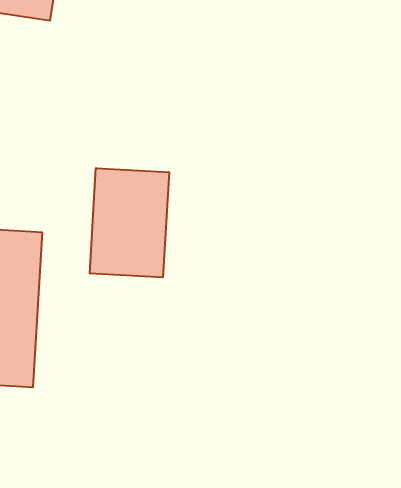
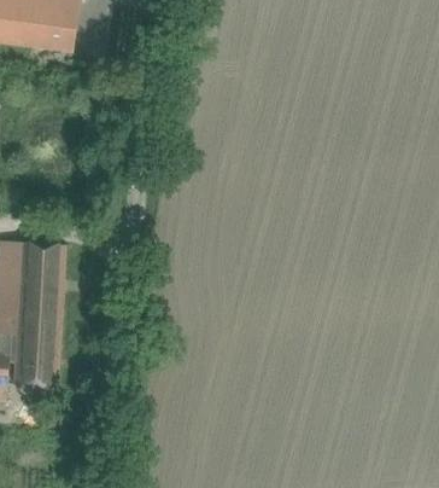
building: [90,168,169,277] -> none

